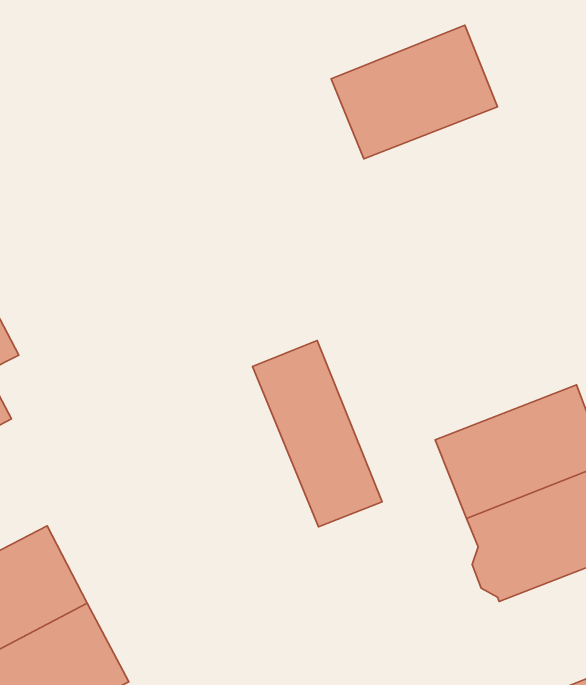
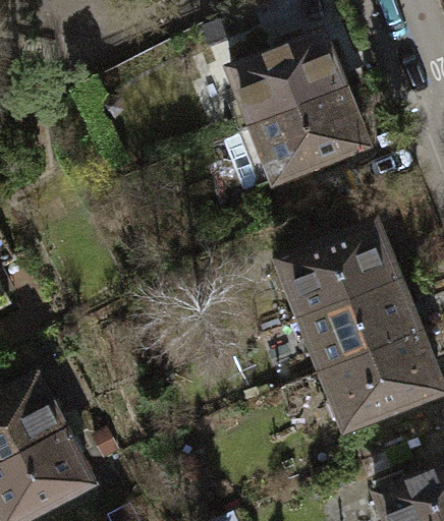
building: none -> [225,93,367,193]
building: none -> [275,223,398,321]
building: [253,341,382,527] -> none

